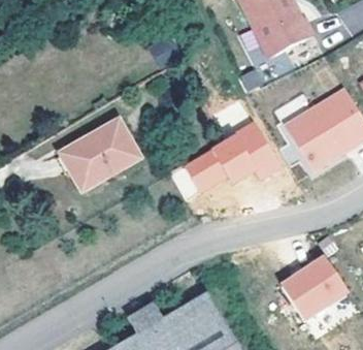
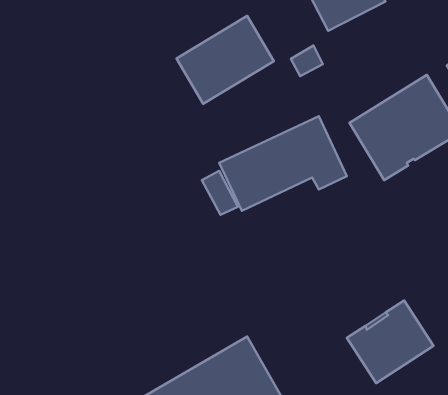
building: [60,119,135,187] -> [177,16,274,104]

